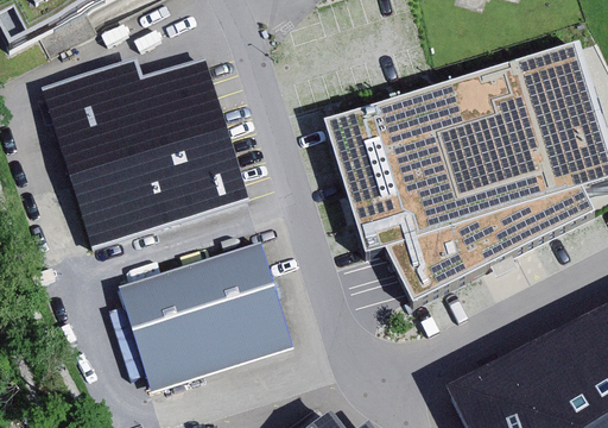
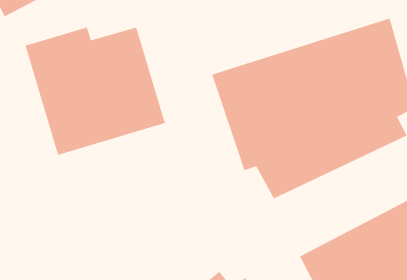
building: [116,240,292,388] -> none

